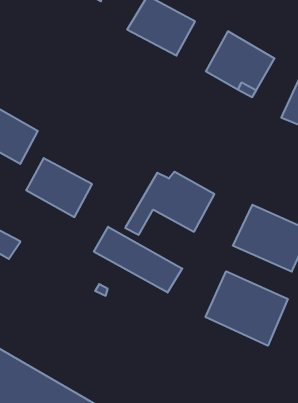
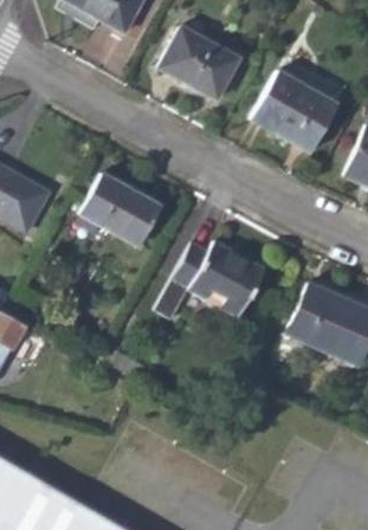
building: [26,158,92,217] -> [80,174,161,246]
building: [94,227,182,293] -> none
building: [206,271,288,346] -> none

